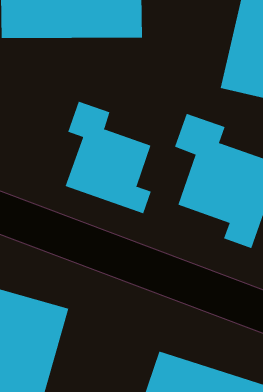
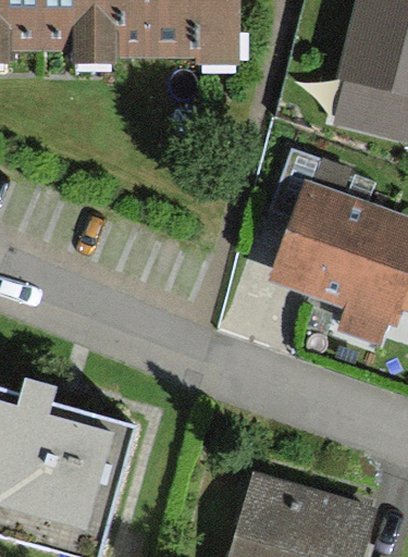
building: [65,101,151,214] -> none

